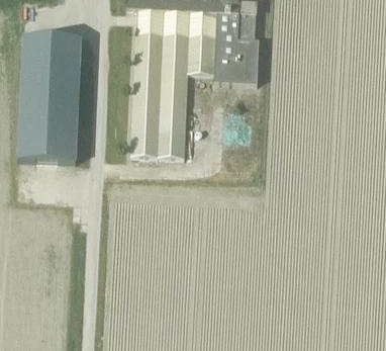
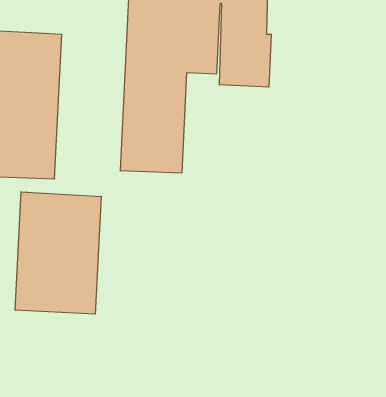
building: none -> [15,192,101,314]

